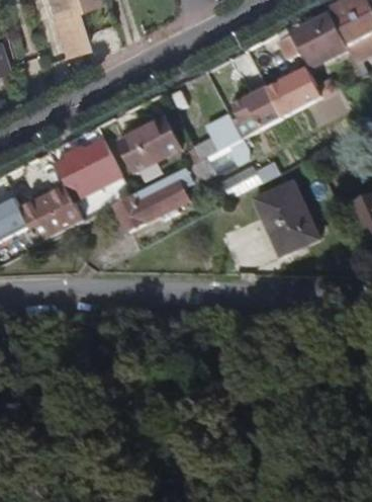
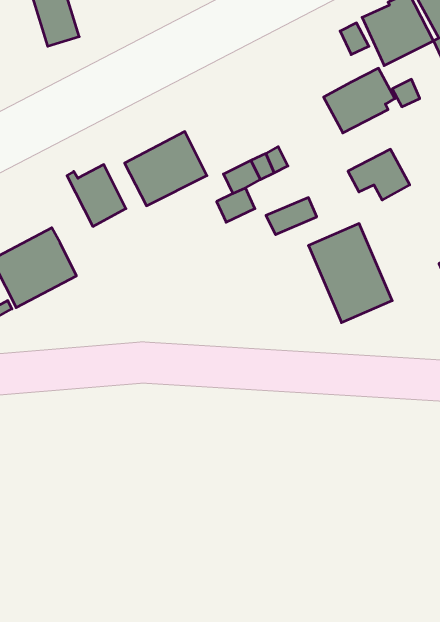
building: [235,89,280,127] -> [348,149,410,200]
building: [55,147,96,196] -> none
building: [114,178,190,232] -> none

